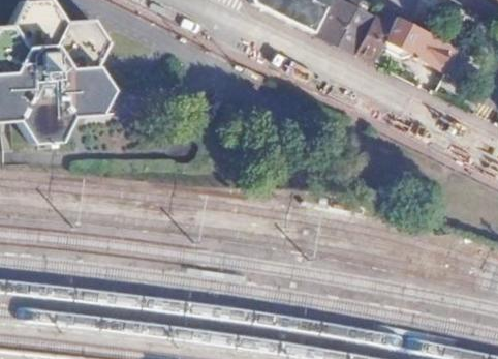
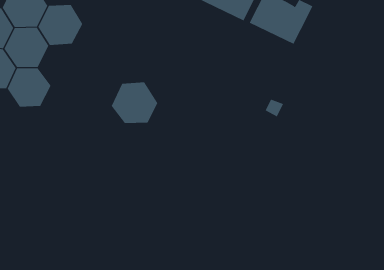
building: [383,17,460,73] -> none
building: [57,63,116,115] -> [111,82,158,124]

